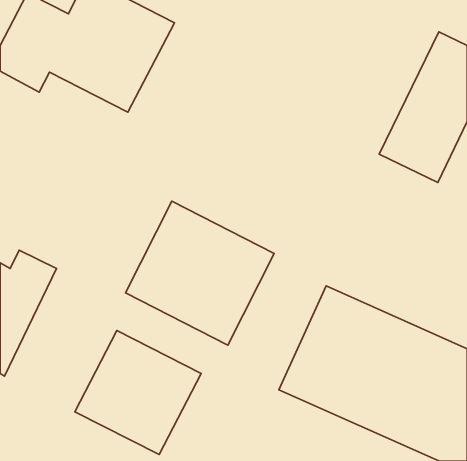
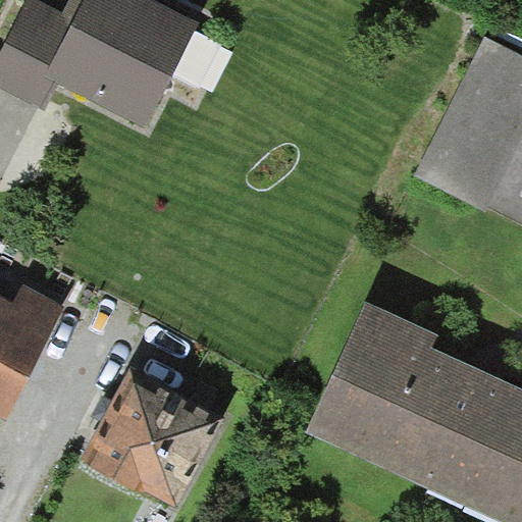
building: [126,201,274,345] -> none

